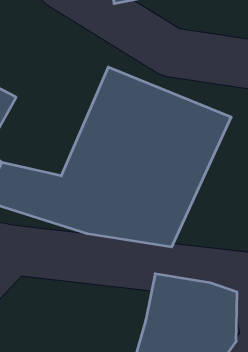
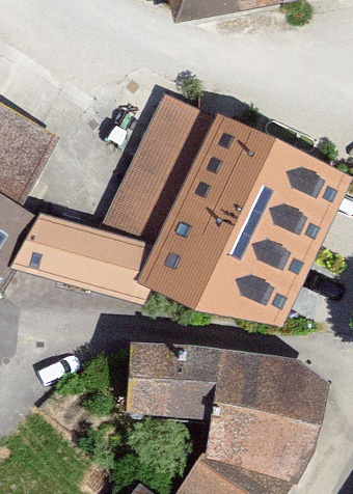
building: none -> [135,352,226,412]

